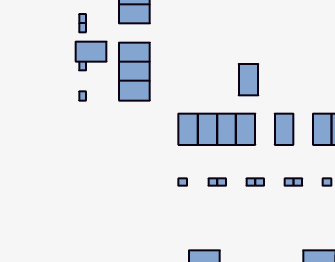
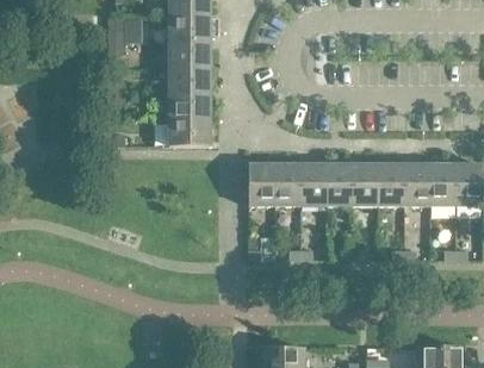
building: [76,42,107,61] -> [168,42,210,68]
building: [239,64,258,95] -> [352,163,378,205]
building: none -> [403,163,429,205]

